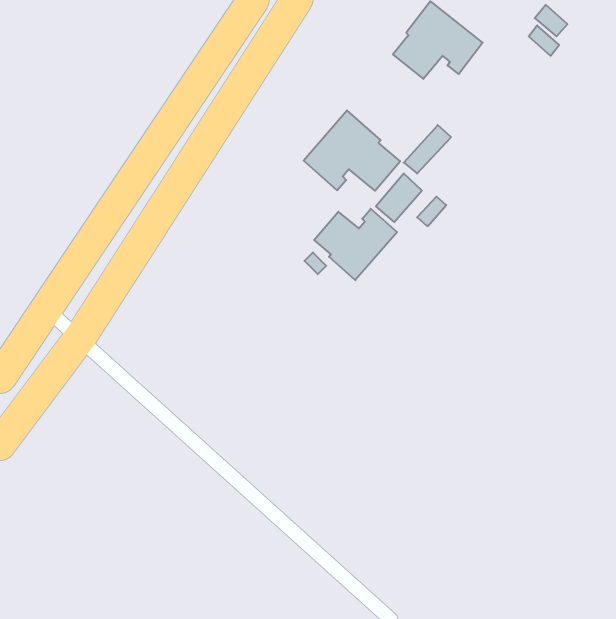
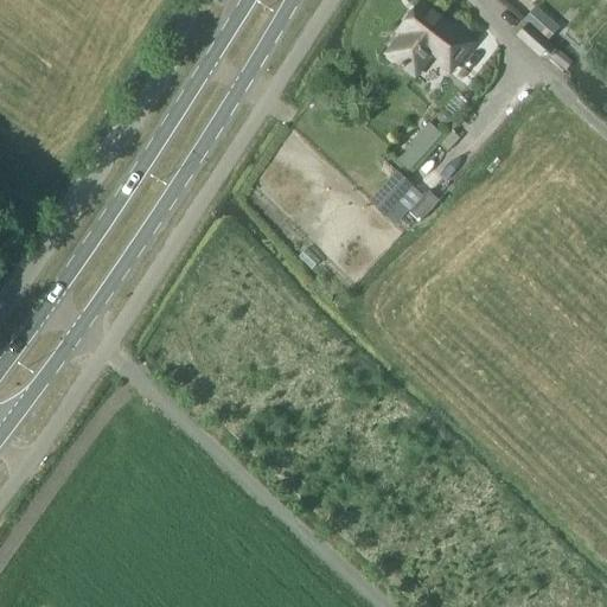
building: [304,110,400,191] -> none
building: [314,209,397,280] -> none

